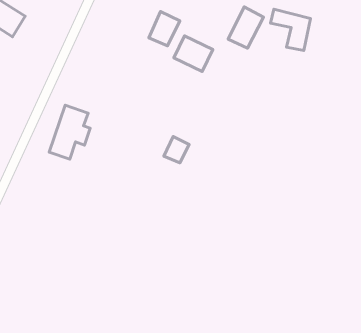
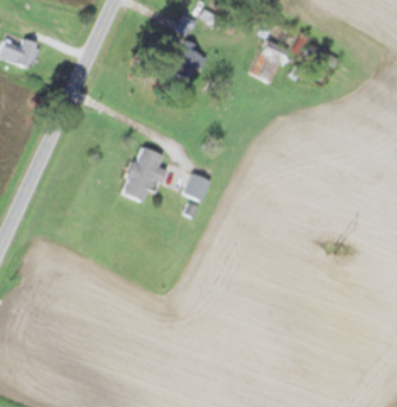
building: [174,36,213,71] -> none
building: [49,105,90,159] -> [122,146,165,202]

